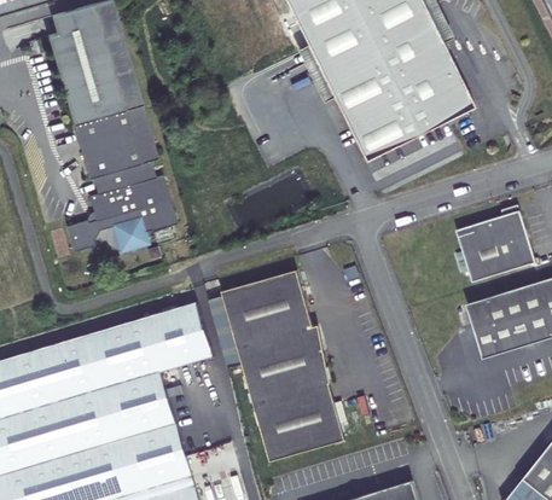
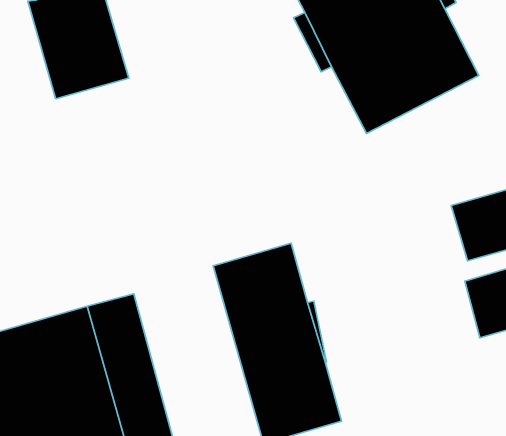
building: [65,110,176,251] -> none
building: [146,301,213,370] -> none

